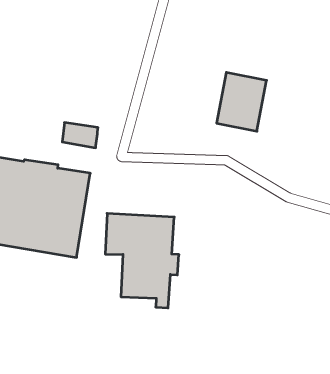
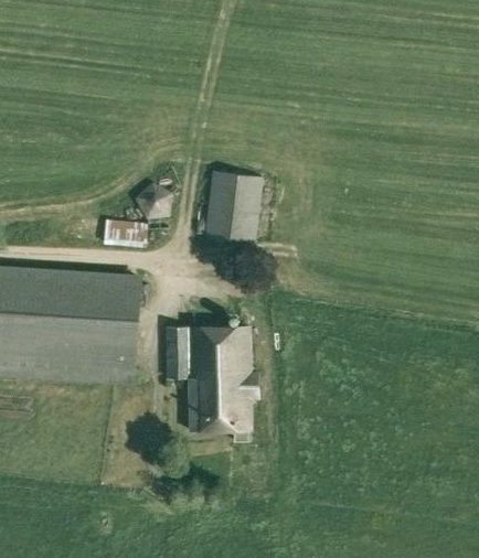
building: [217,72,267,131] -> [204,172,263,243]
building: none -> [135,183,173,221]

